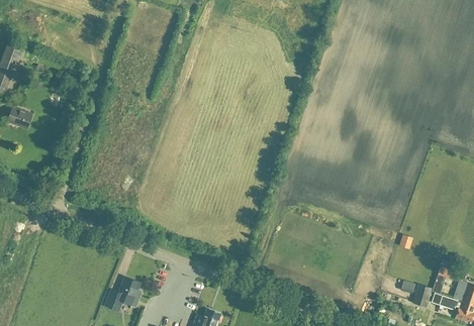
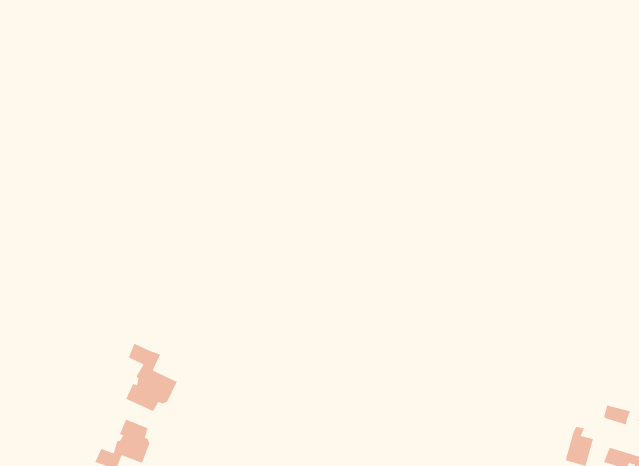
building: none -> [125,343,178,412]

